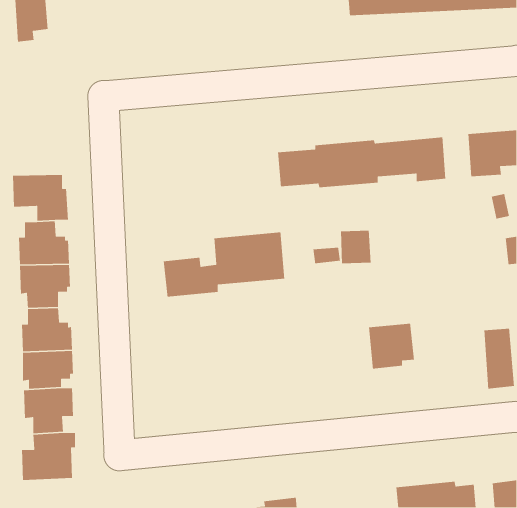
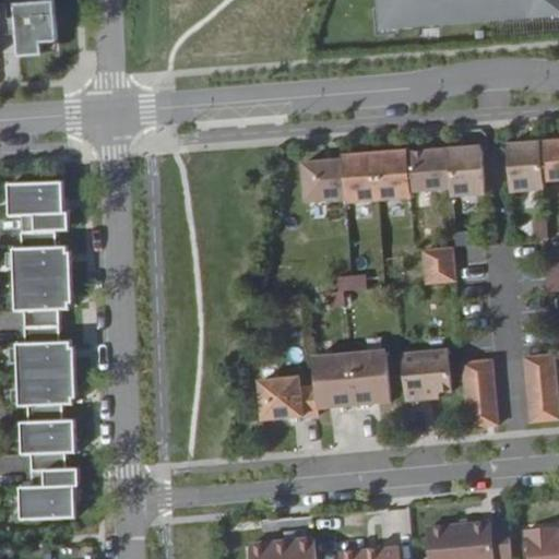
building: [340,230,371,264] -> [423,241,456,278]
building: [163,232,285,297] -> [254,349,386,420]
building: none -> [460,358,493,425]

